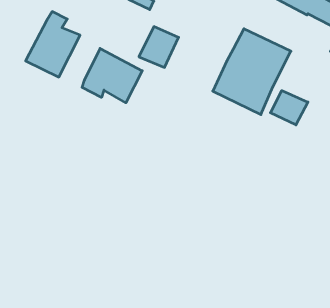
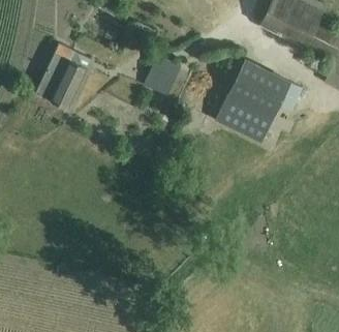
building: [82,48,142,103] -> none
building: [270,91,308,125] -> none

